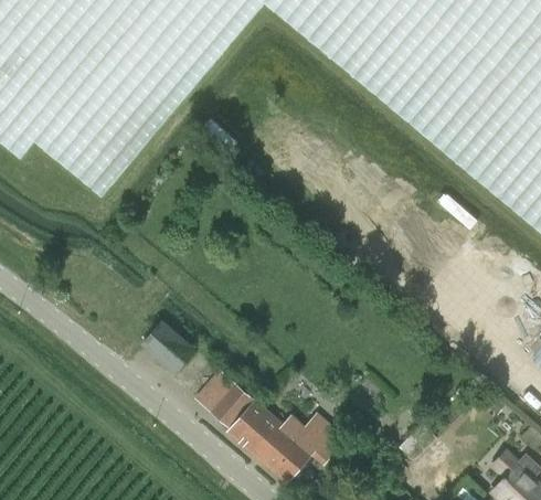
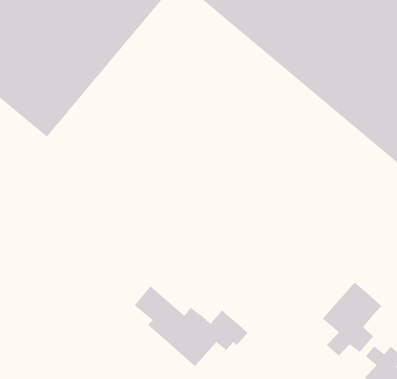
building: [140,318,197,373] -> none
building: none -> [322,281,382,357]

